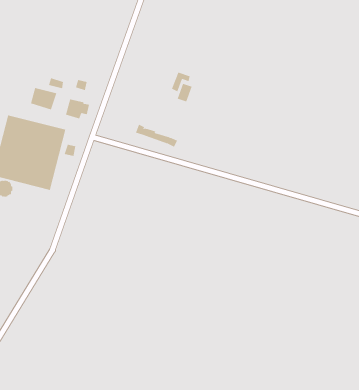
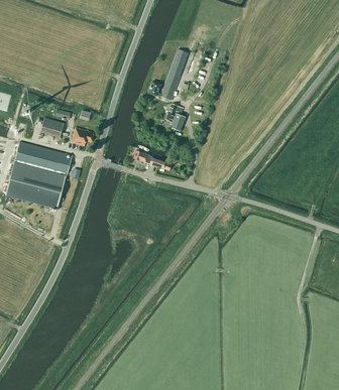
building: none -> [147,49,188,101]

